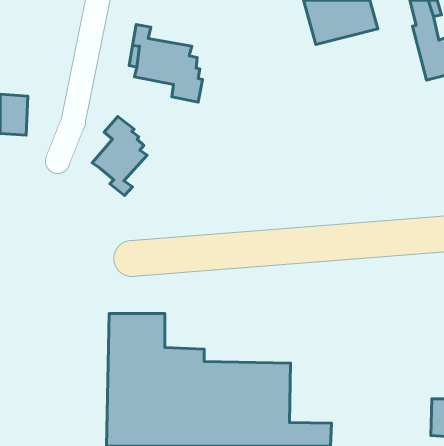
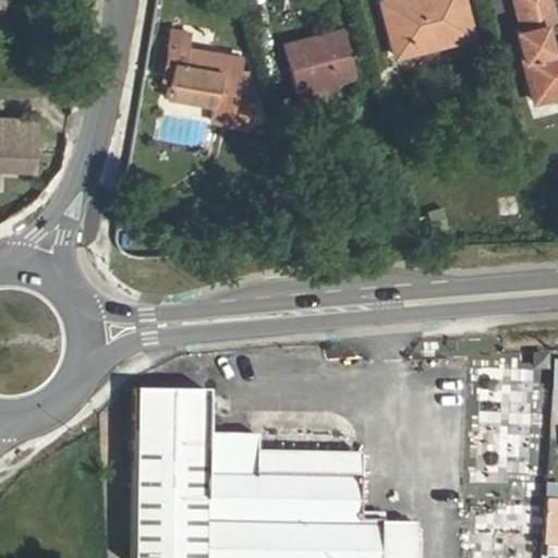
building: none -> [284,28,357,92]
building: [92,117,147,196] -> none

